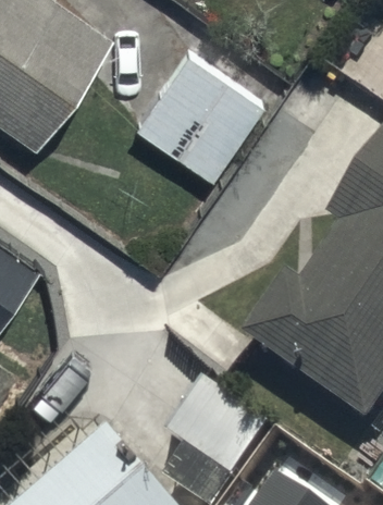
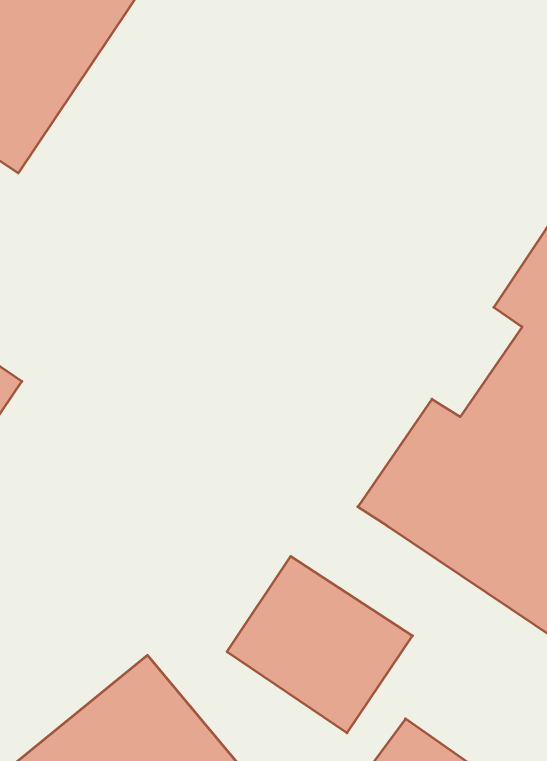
building: [131,45,262,174] -> none

